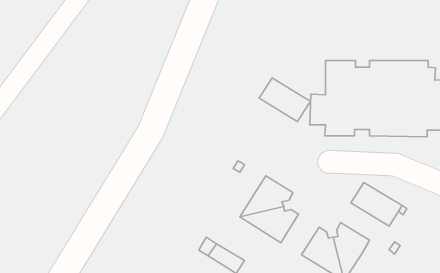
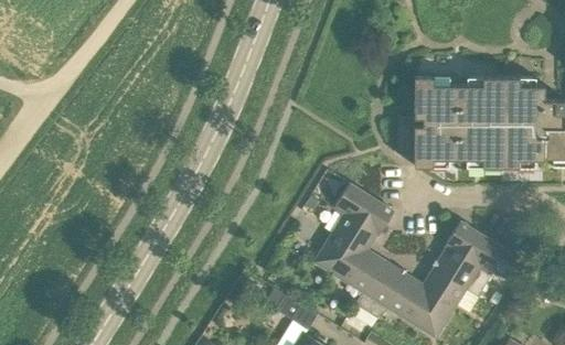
building: [259,78,310,122] -> [333,183,394,235]
building: none -> [433,247,490,295]
building: none -> [355,259,407,319]

